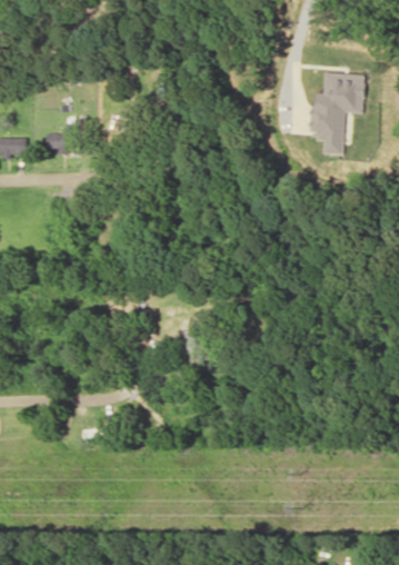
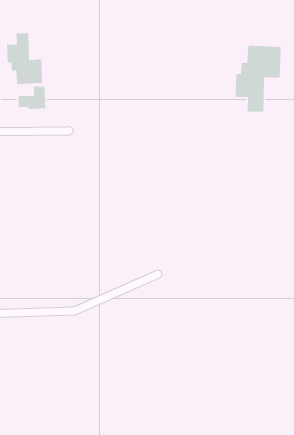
building: none -> [6,32,43,85]

